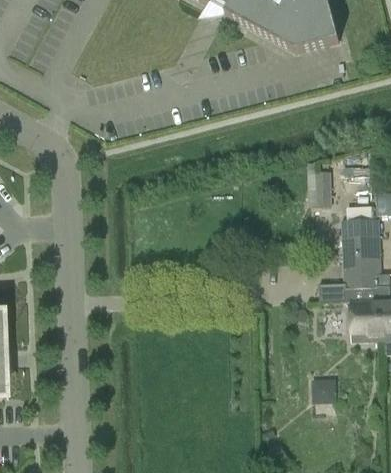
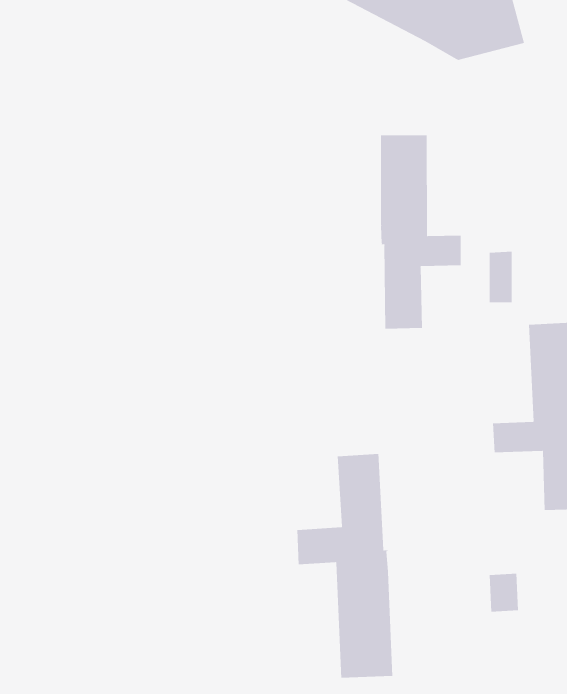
building: none -> [380,135,461,329]
building: none -> [297,453,393,678]

